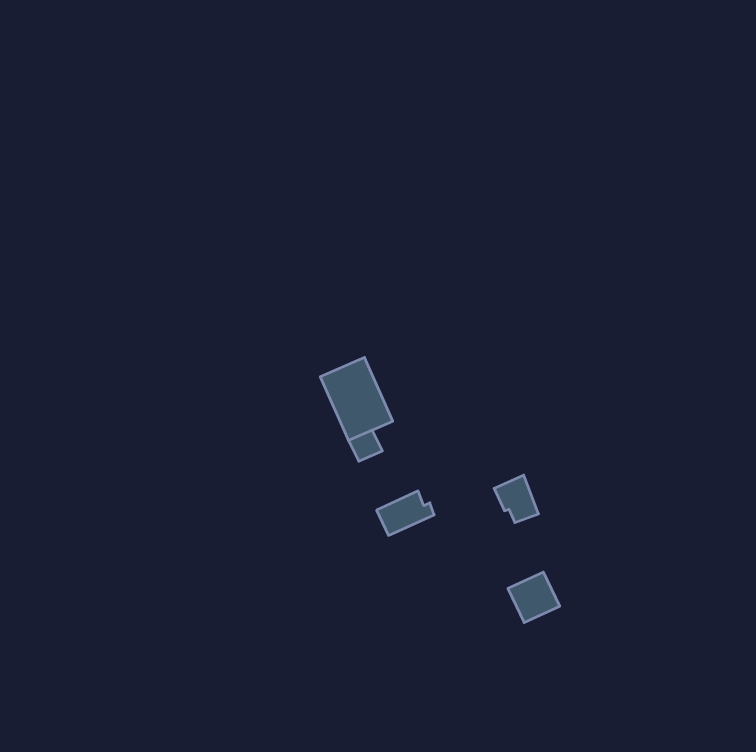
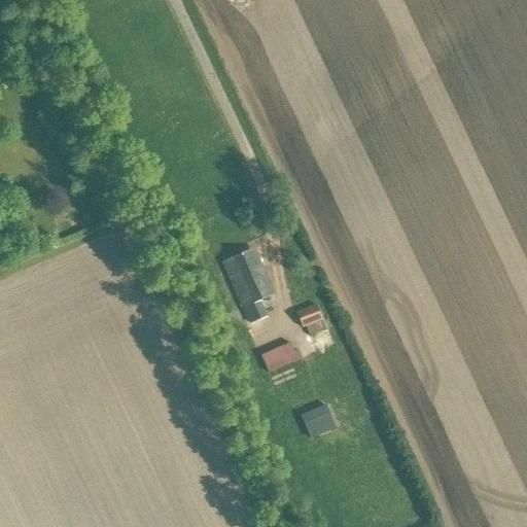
building: [494,475,539,523] -> [295,302,326,335]
building: [508,572,560,623] -> [301,402,337,437]

